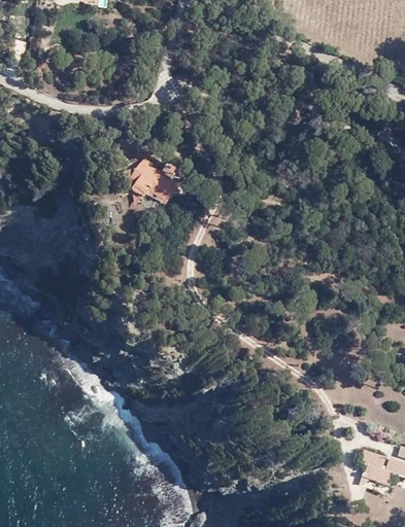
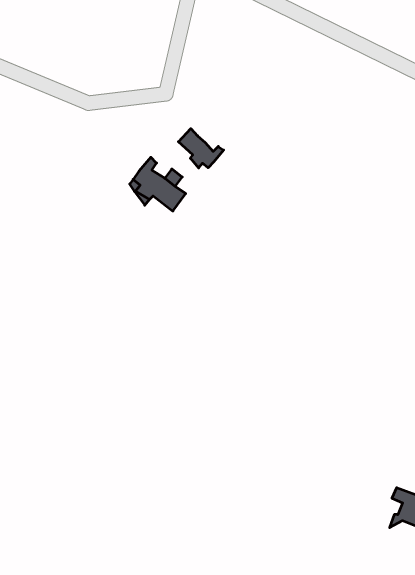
building: none -> [178,129,224,168]

